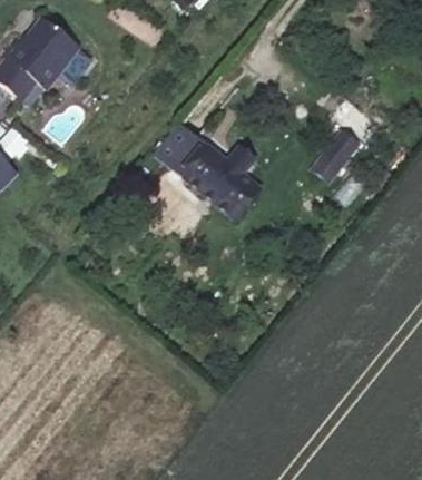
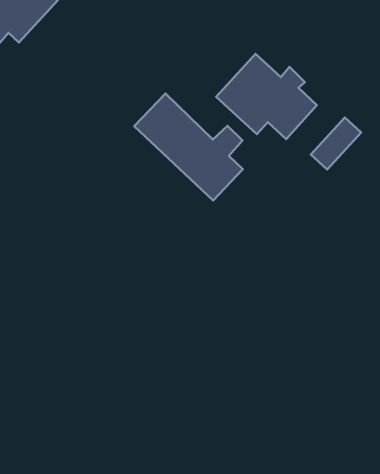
building: none -> [216,54,317,139]

